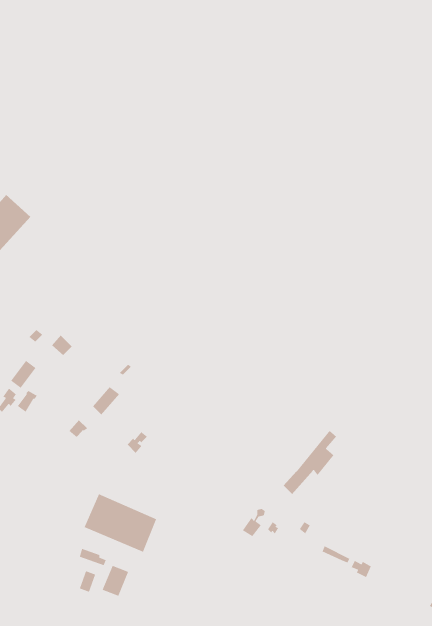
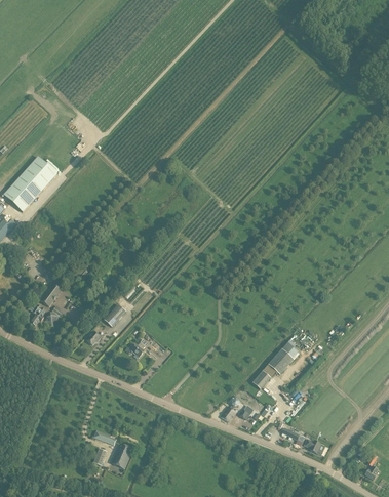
building: [83,493,157,553] -> none

